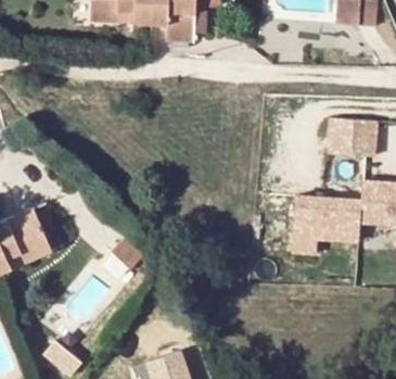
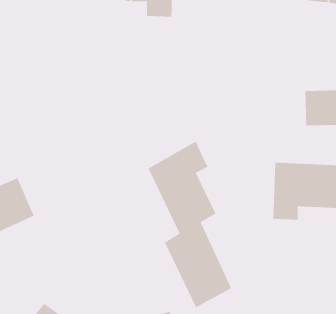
building: none -> [148,141,232,308]

